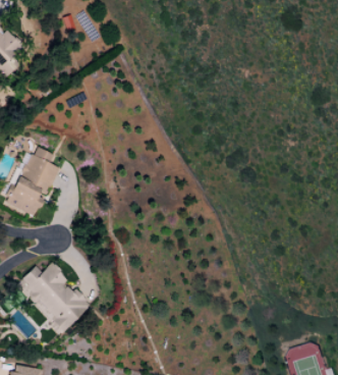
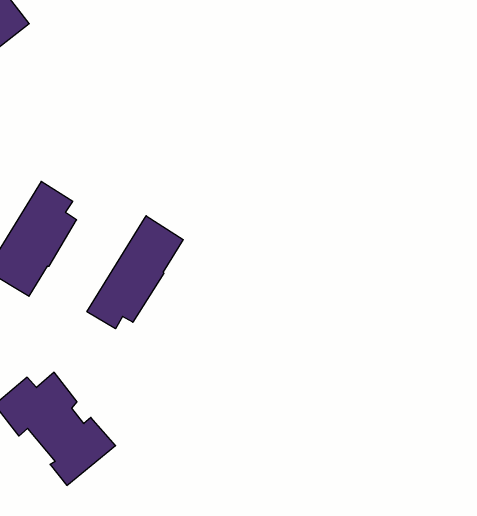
building: none -> [87,216,183,329]

